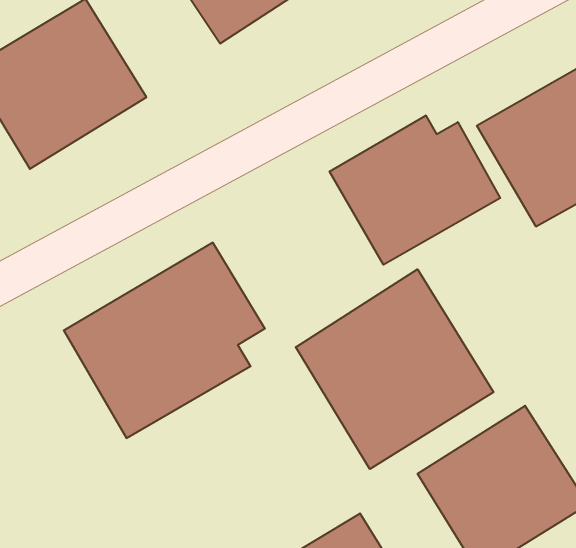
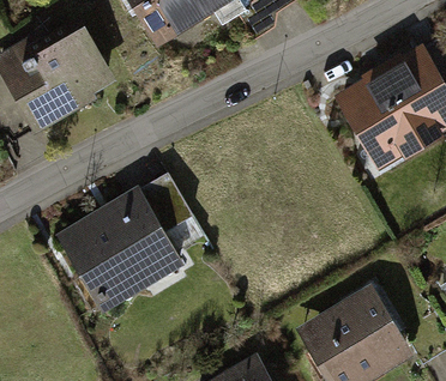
building: [330,115,500,265] -> none
building: [296,269,493,469] -> none

